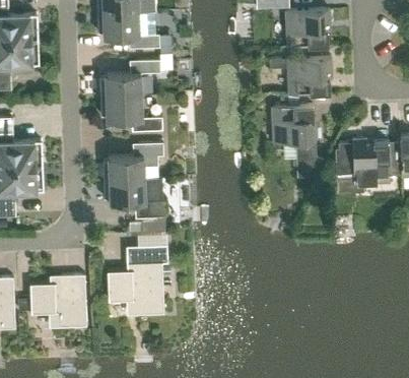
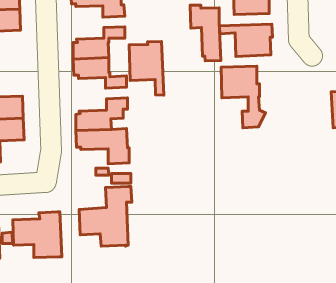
building: none -> [190,5,221,61]
building: none -> [129,42,164,95]
building: [335,140,389,185] -> none

